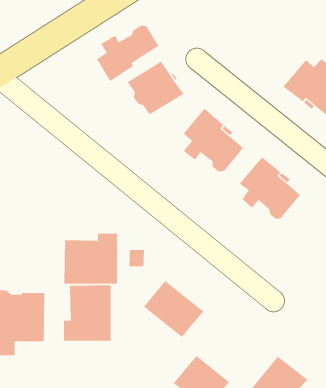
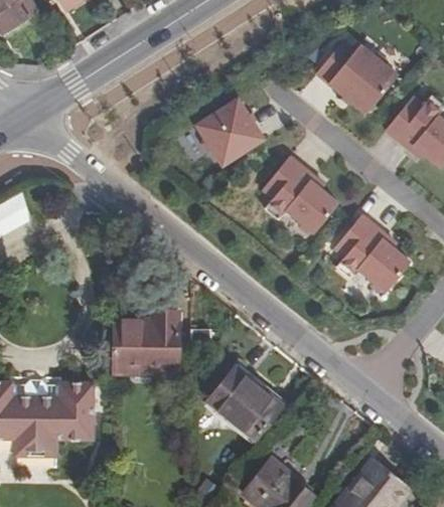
building: none -> [312,41,394,115]
building: [96,25,159,82] -> none
building: [63,284,111,341] -> none

